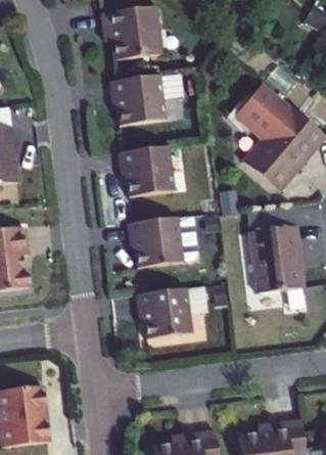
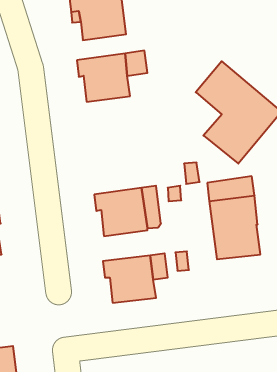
building: [119,146,175,196] -> none

